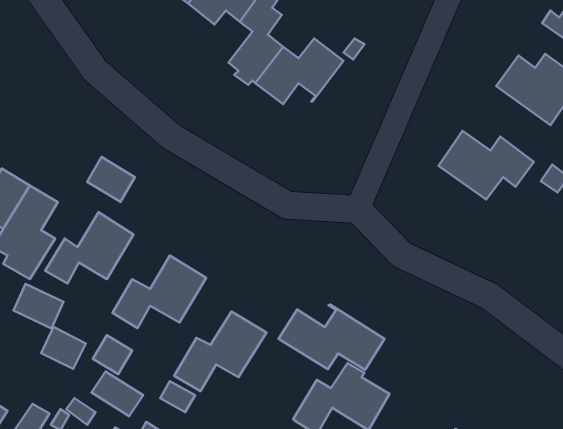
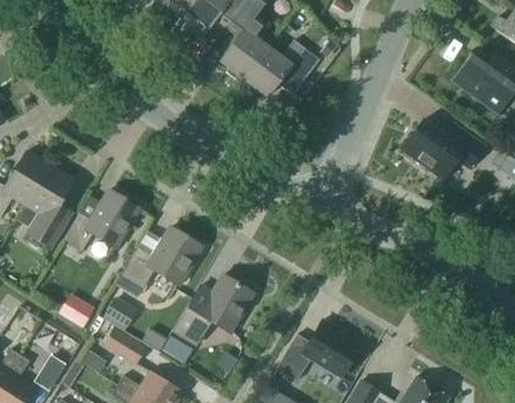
building: [87,157,135,202] -> none
building: [14,284,63,328] -> none
building: [279,305,385,370] -> none

